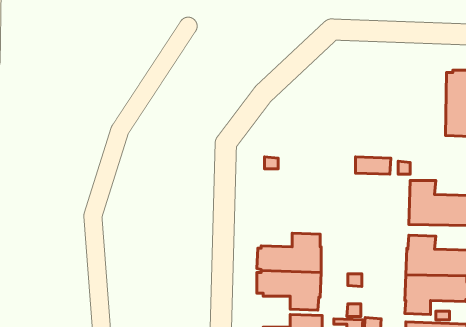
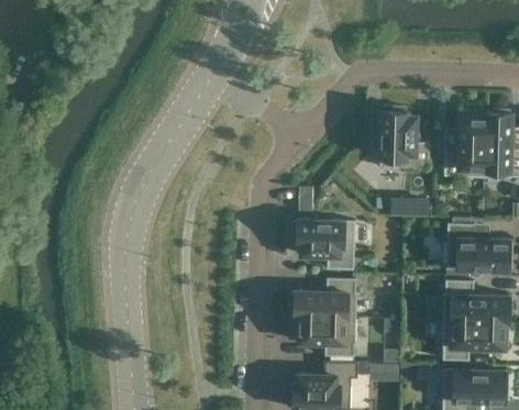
building: none -> [379,108,429,170]
building: none -> [444,112,485,178]
building: none -> [292,220,354,270]

